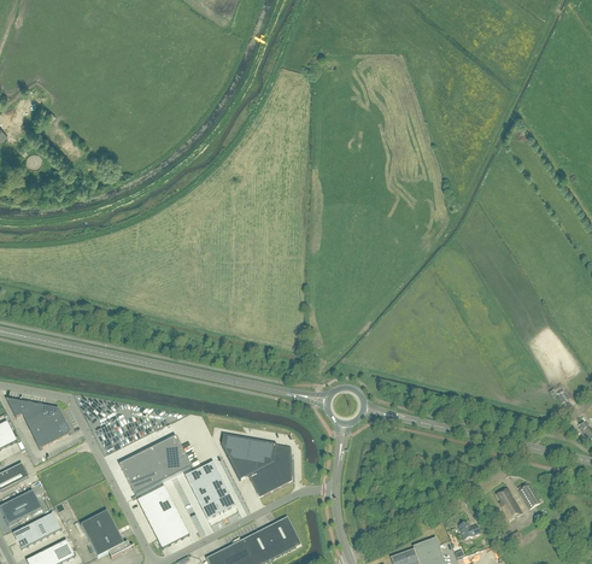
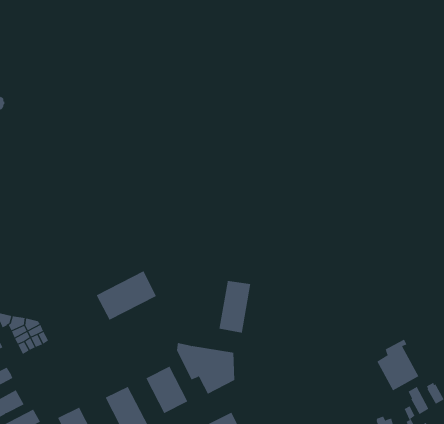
building: none -> [219,280,251,333]
building: none -> [377,339,419,391]
building: [118,435,191,494] -> [96,271,157,321]

